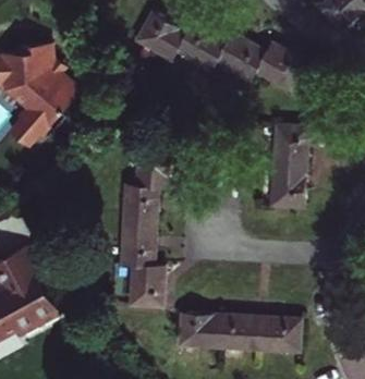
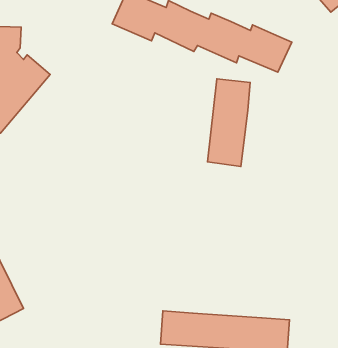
building: [272,127,313,210] -> [208,79,250,167]
building: [119,145,174,304] -> none

